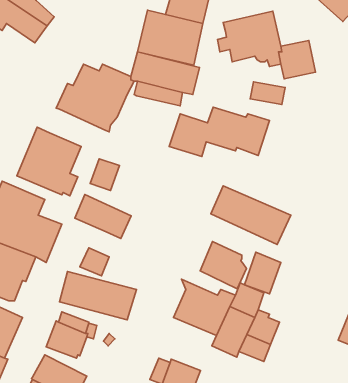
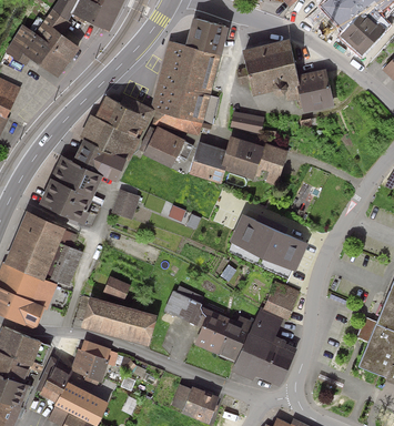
building: [250,82,285,104] -> [229,111,263,133]
building: none -> [138,124,192,170]
building: [75,195,131,238] -> [71,139,127,182]
building: [200,242,246,289] -> [160,290,205,336]
building: none -> [34,356,70,403]

